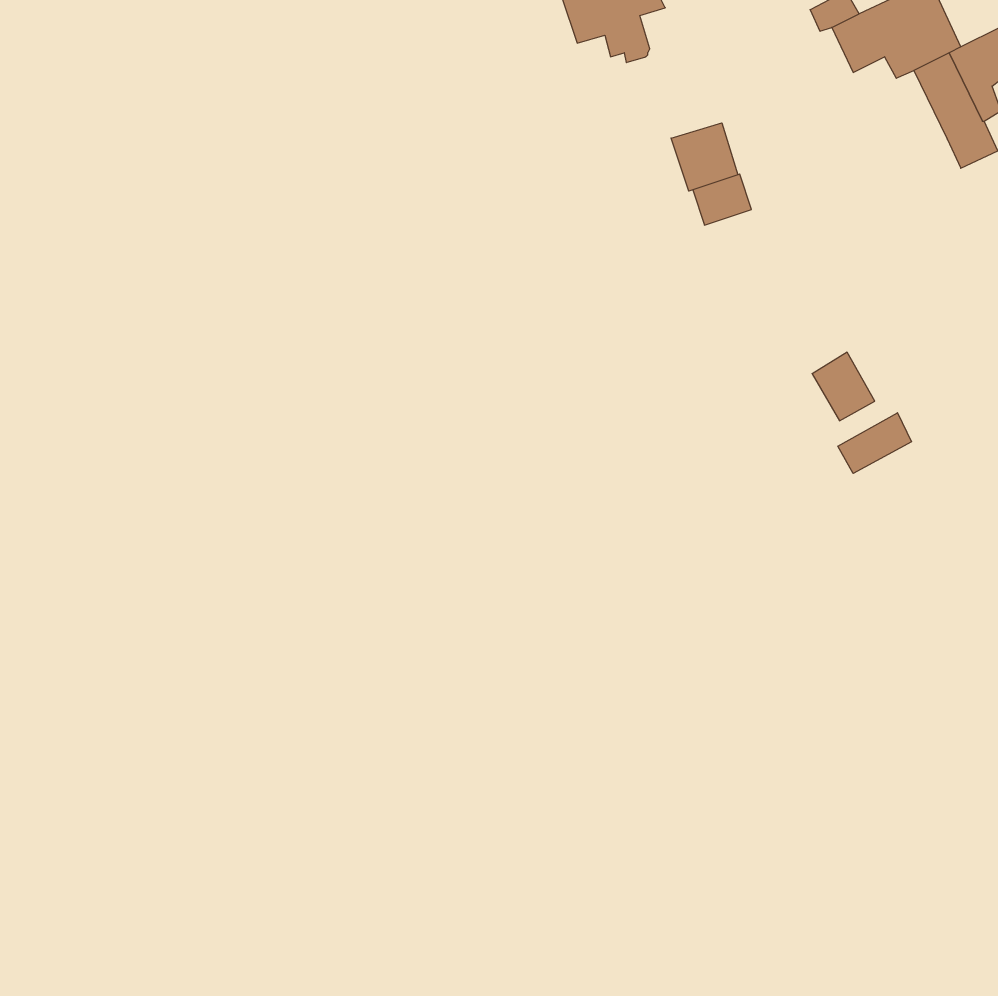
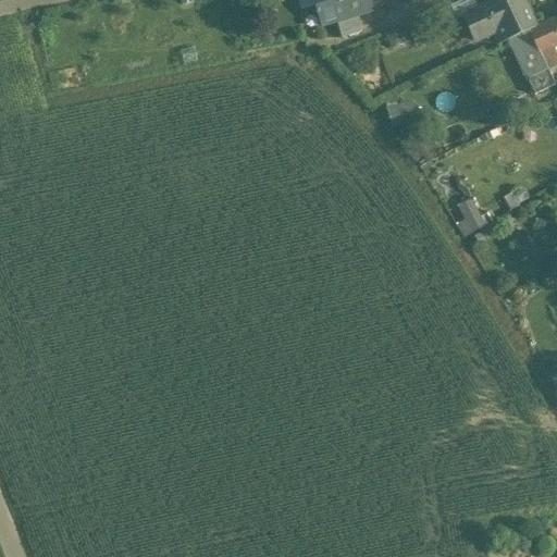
building: [671,123,738,191] -> none
building: [838,413,911,473] -> none

